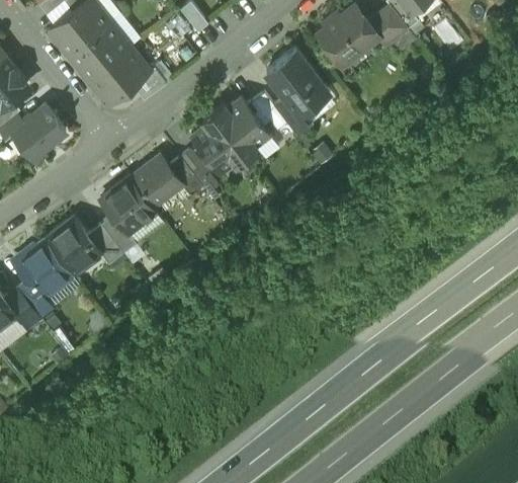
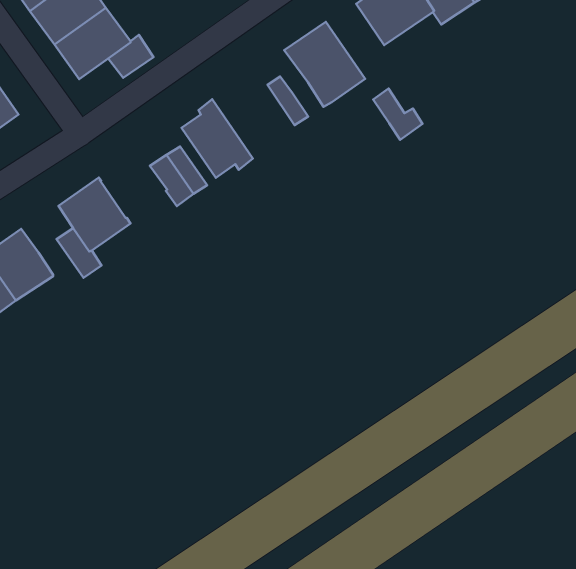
building: [273,94,312,133] -> [373,88,422,140]
building: [212,96,268,155] -> none
building: [131,155,182,206] -> none
building: [87,225,122,264] -> none

